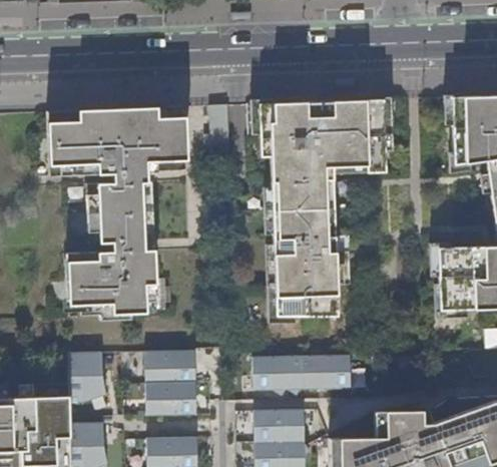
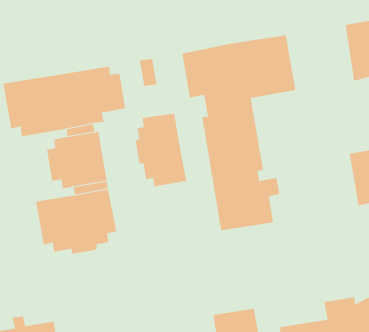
building: none -> [135,113,187,187]
building: [144,349,196,414] -> none
building: [68,351,107,402] -> none
building: [253,357,351,397] -> none

